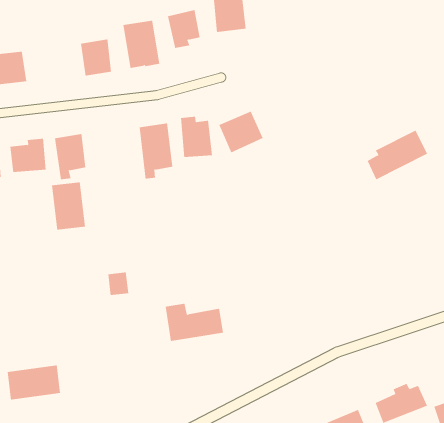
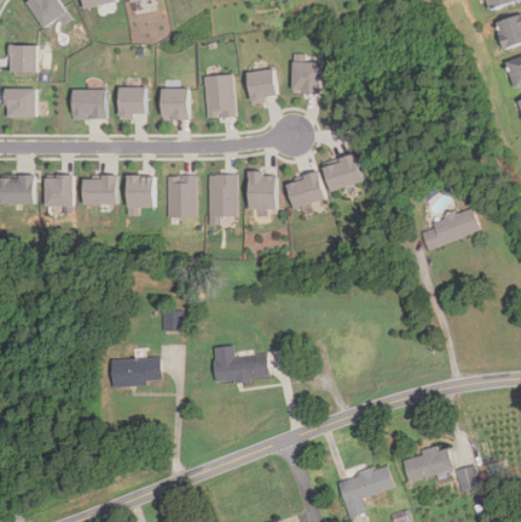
building: none -> [119,87,147,119]
building: none -> [321,154,361,191]
building: [51,182,86,230] -> [167,175,195,218]
building: [7,365,61,400] -> [112,358,161,386]

